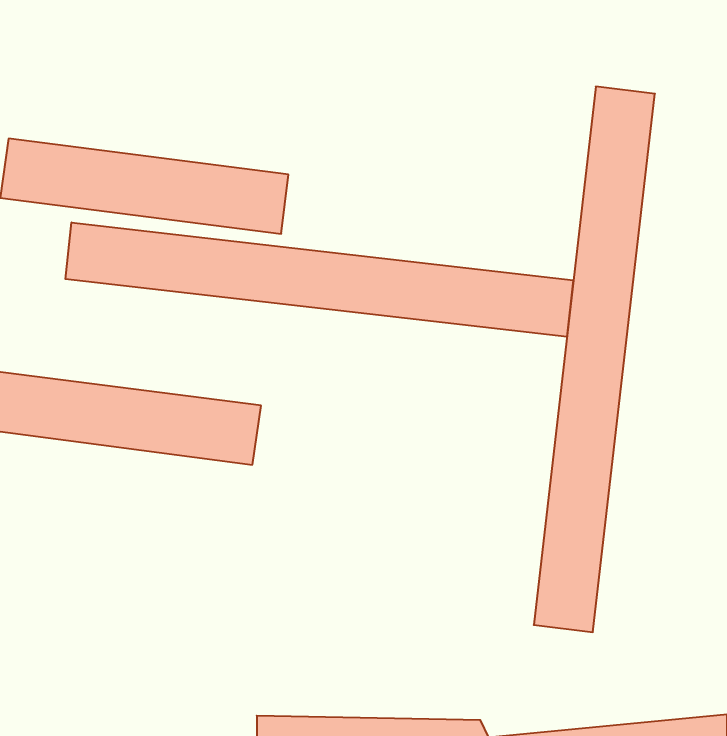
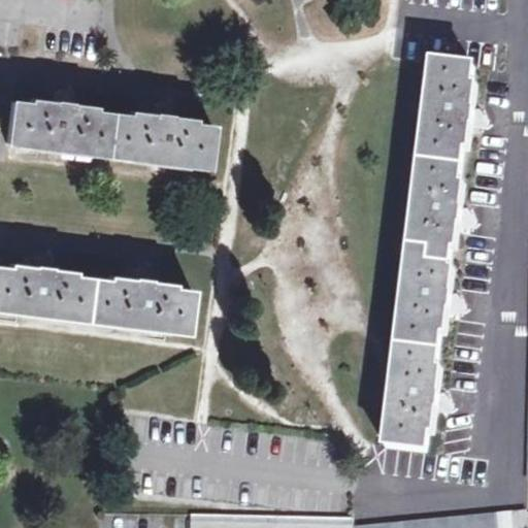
building: [65,222,573,337] -> none

